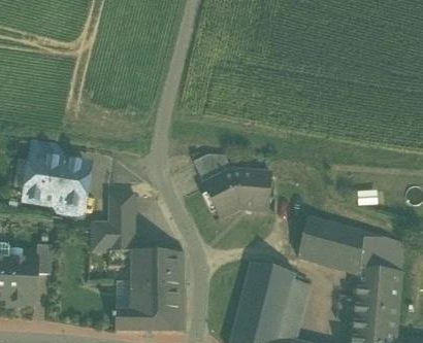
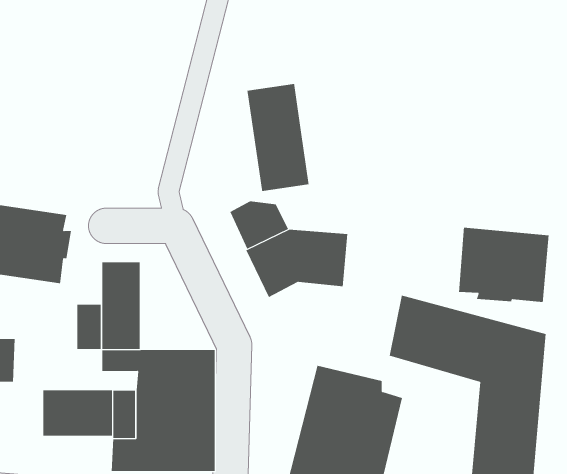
building: none -> [247,83,309,192]
building: none -> [458,227,549,303]
building: none -> [43,389,112,436]

